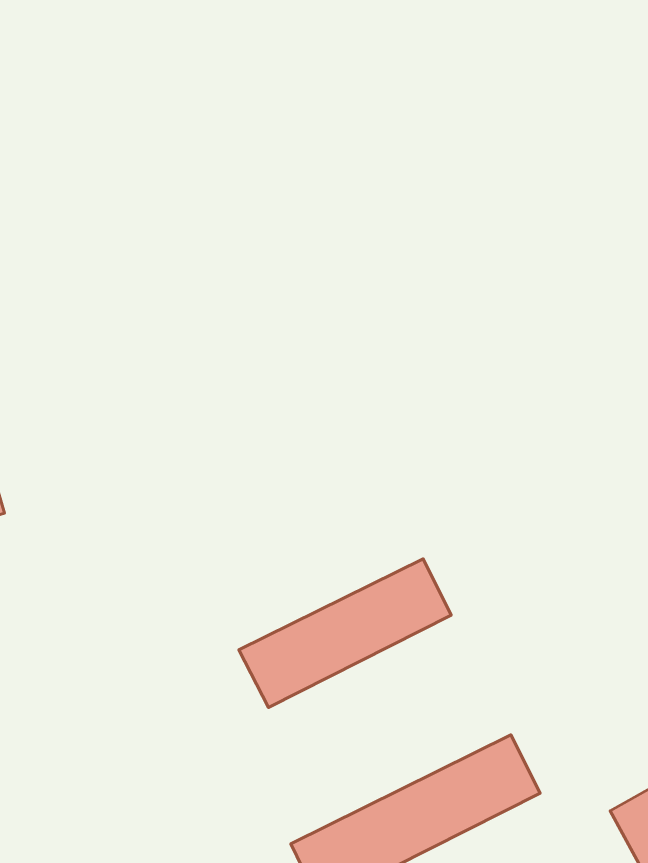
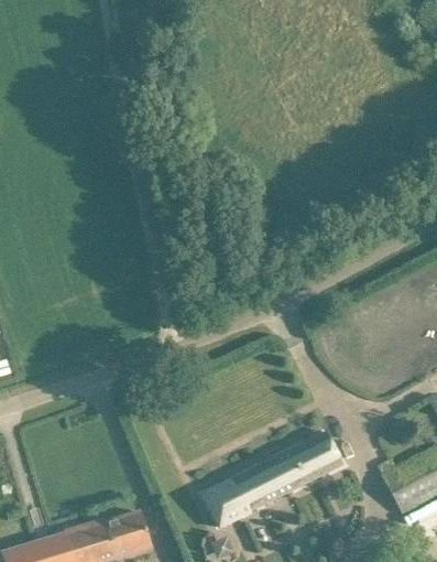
building: [239,559,451,707] -> none

